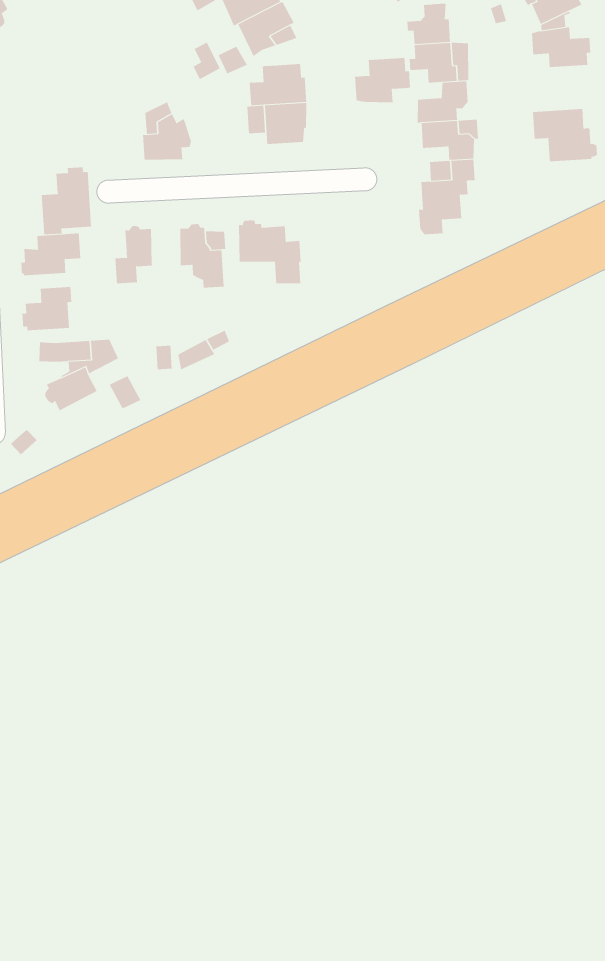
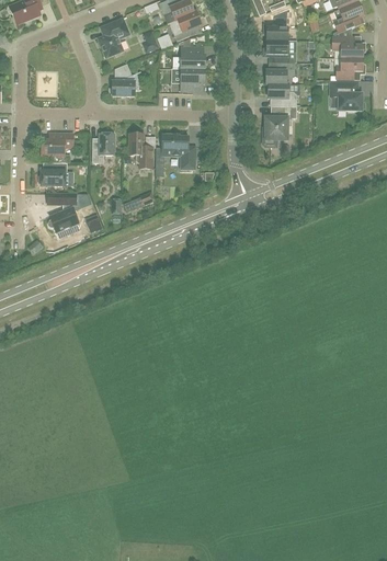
building: none -> [98,18,129,57]
building: [355,57,411,103] -> none
building: none -> [335,57,365,79]
building: [41,167,92,235] -> none

